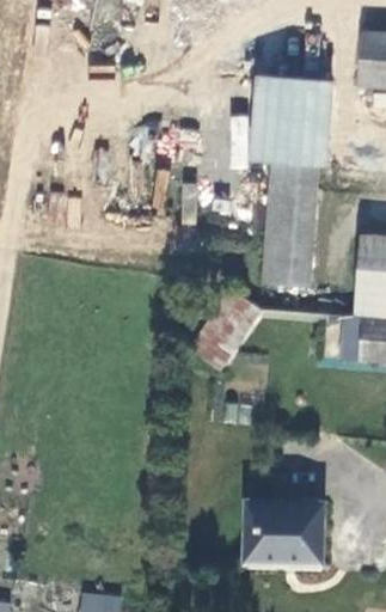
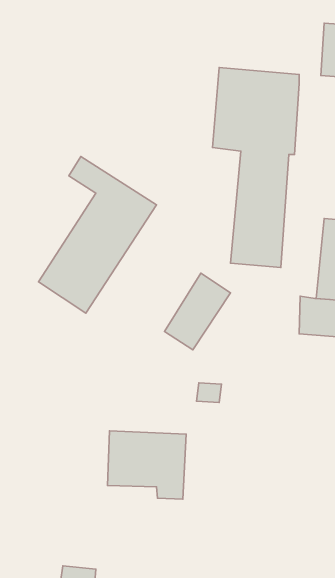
building: none -> [38,156,157,313]
building: [238,501,320,573] -> [107,431,186,499]

